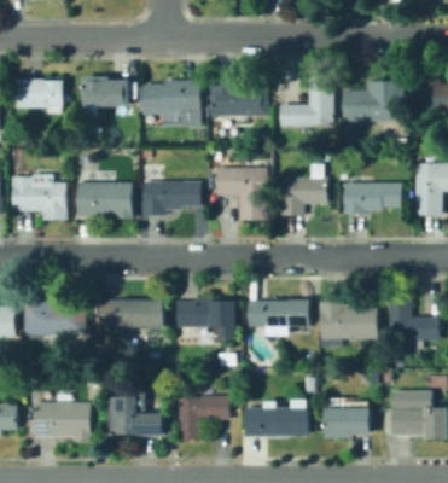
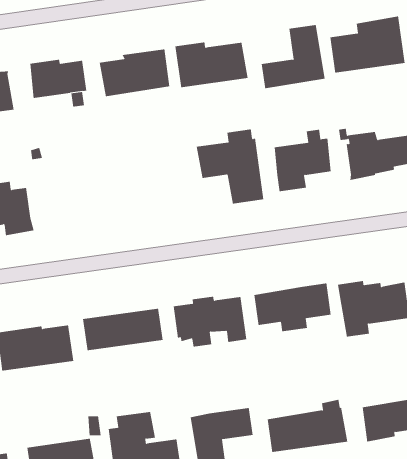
building: [77,182,133,219] -> none
building: [141,182,200,216] -> none

